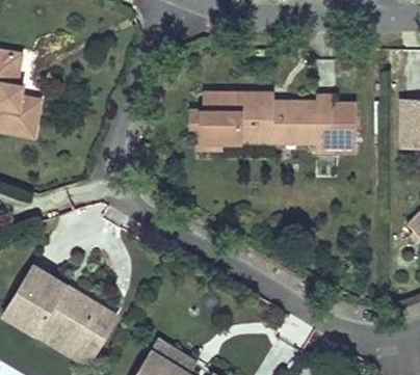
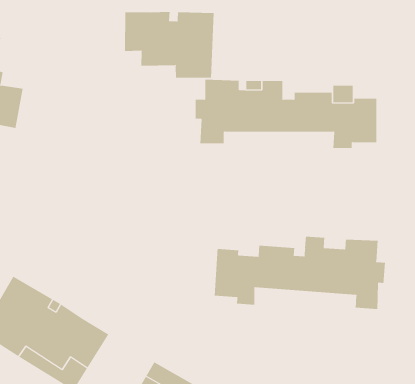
building: none -> [124,11,214,79]
building: none -> [214,236,385,310]

